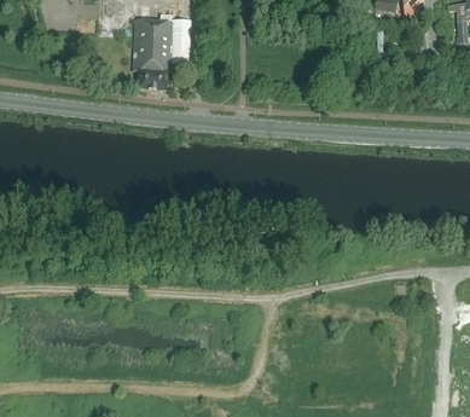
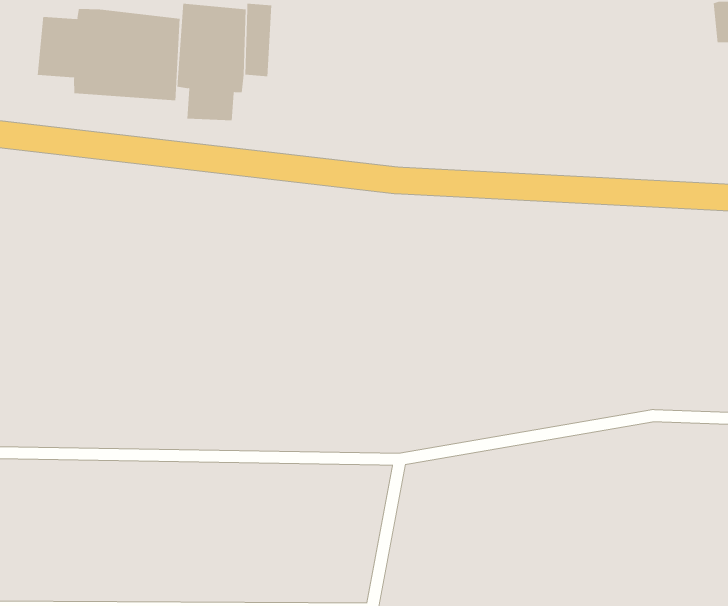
building: none -> [37,8,180,101]

